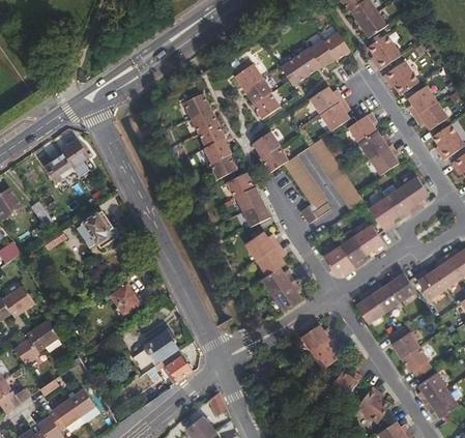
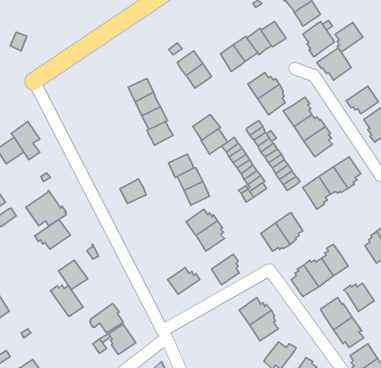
building: [407,86,436,117] -> [335,23,363,52]
building: [252,92,280,119] -> none
building: [209,154,237,180] -> [120,179,146,204]
building: [355,224,385,254] -> none
building: none -> [35,219,71,249]
building: [260,266,294,294] -> [167,268,200,294]
building: [413,269,445,299] -> [344,283,374,312]
building: none -> [50,285,83,316]

